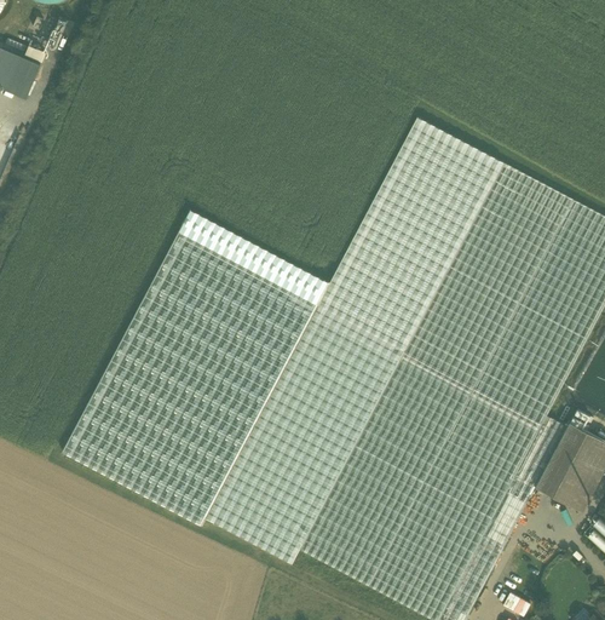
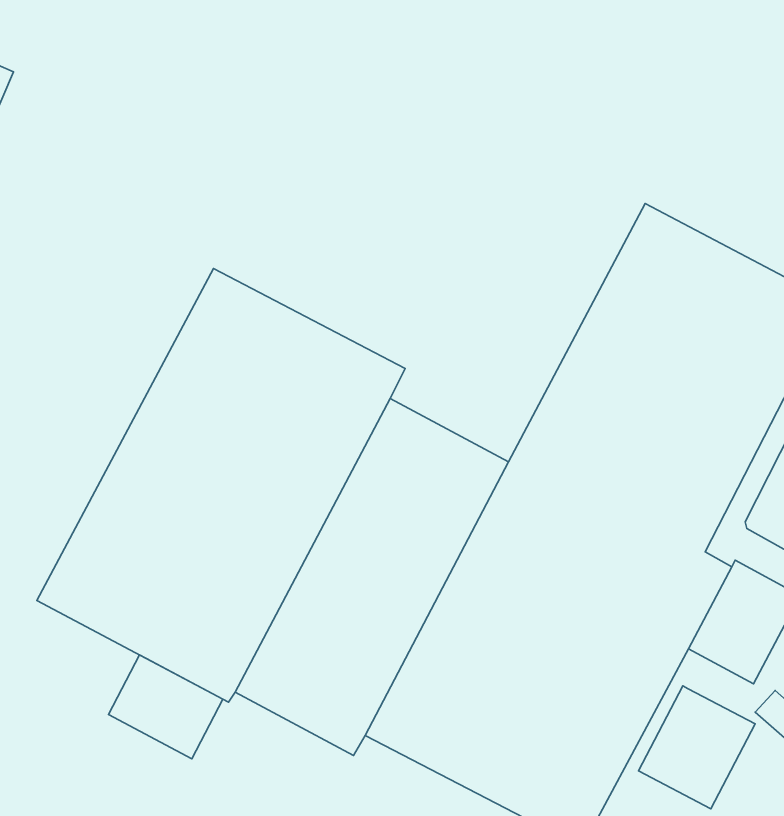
building: [318,117,503,351] -> none
building: none -> [109,655,223,759]
building: none -> [639,686,755,809]

